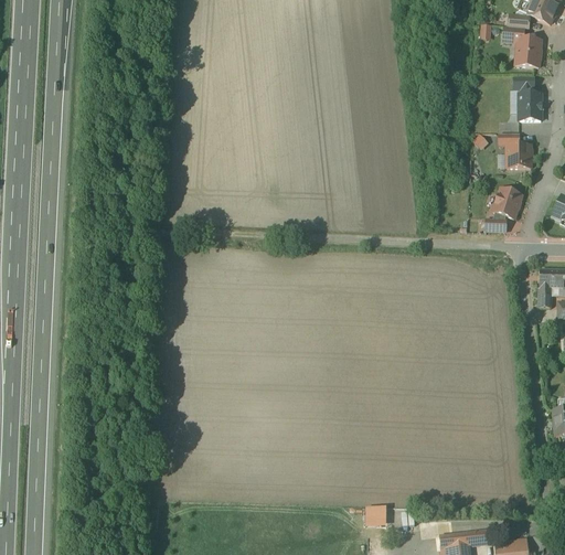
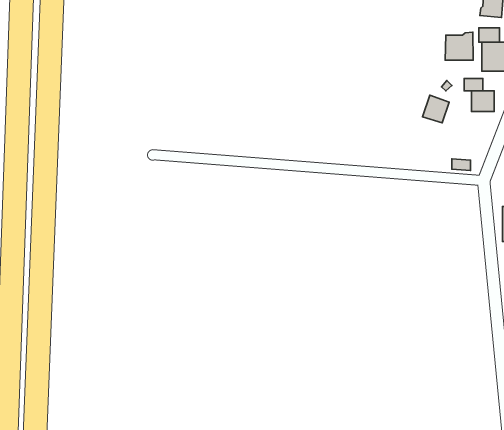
building: none -> [445,32,473,60]
building: [493,188,522,217] -> [422,95,449,123]

